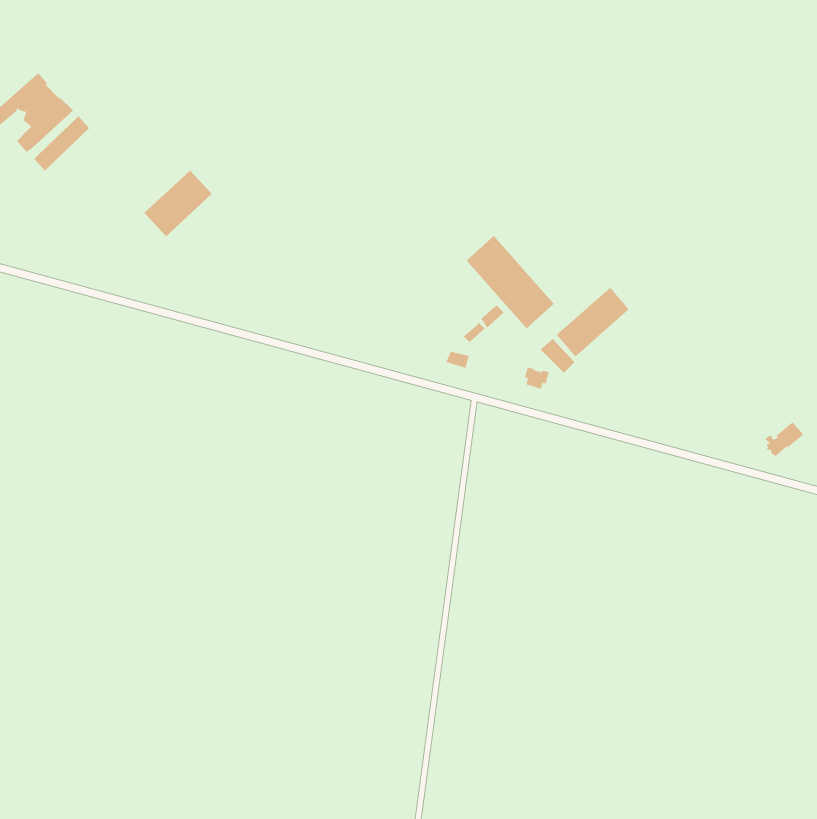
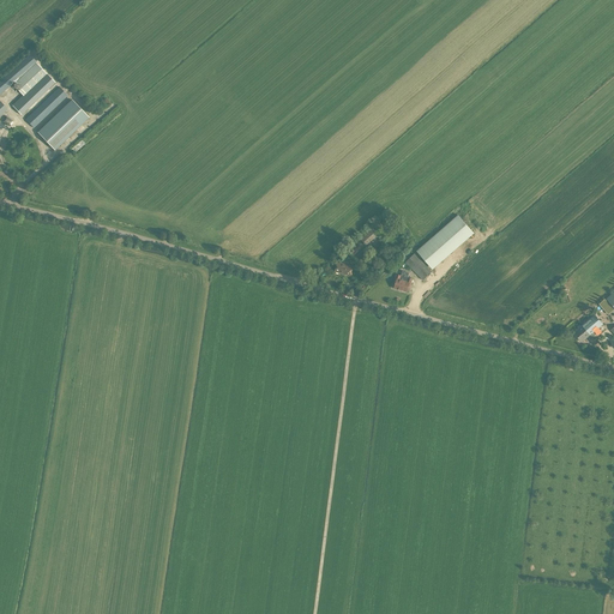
building: [144,170,212,237] -> [37,100,89,150]
building: [466,235,554,329] -> none

